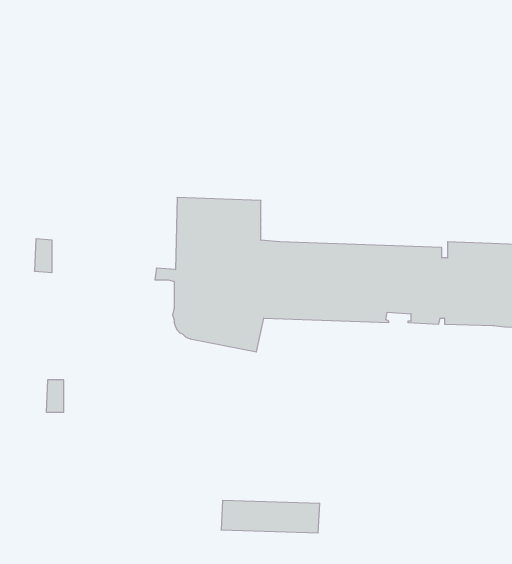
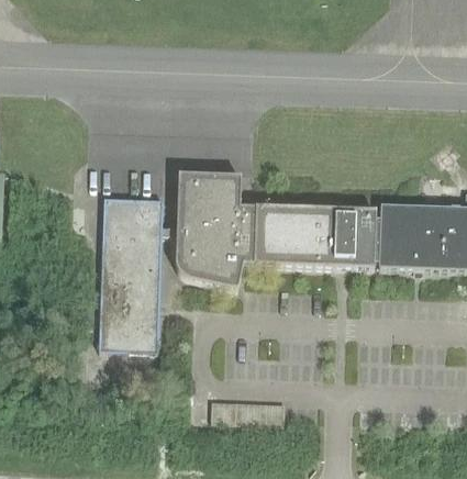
building: none -> [99,196,163,349]

